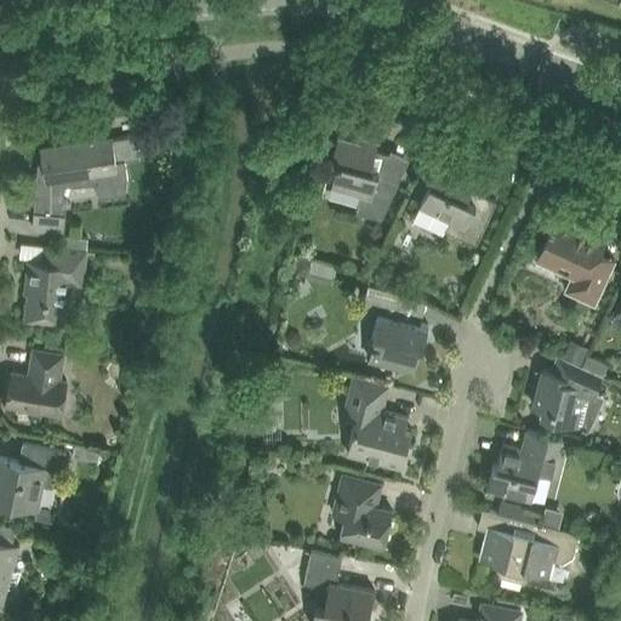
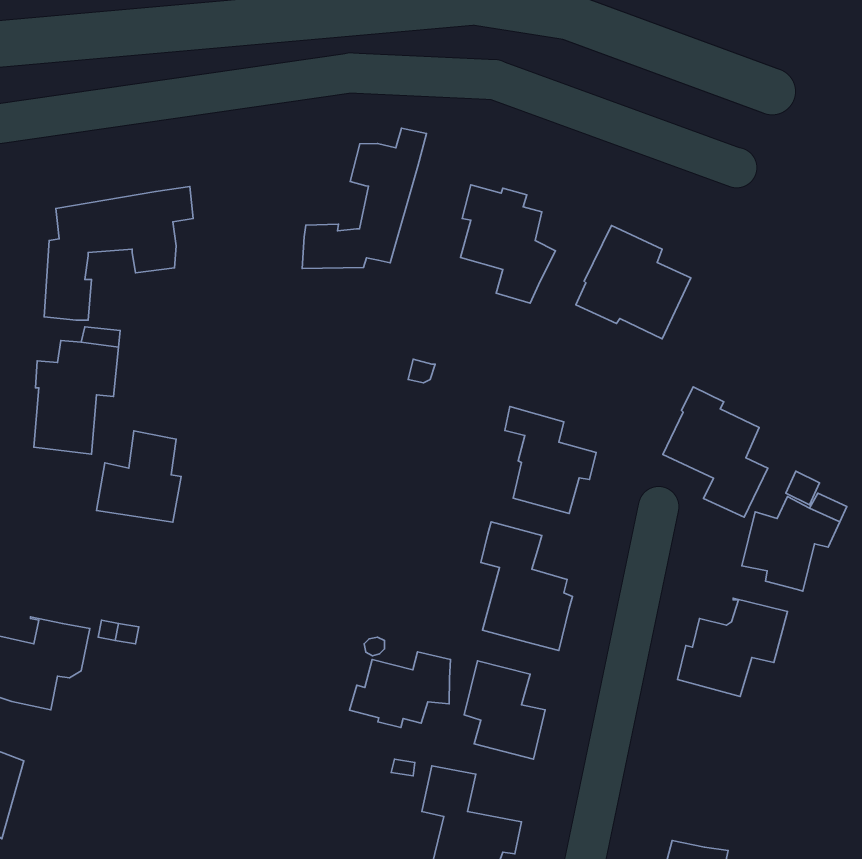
building: none -> [302,128,427,268]
building: [535,213,610,307] -> [663,387,768,517]
building: [5,352,65,417] -> [97,431,181,522]
building: none -> [349,652,450,728]
building: [477,511,577,583] -> none

